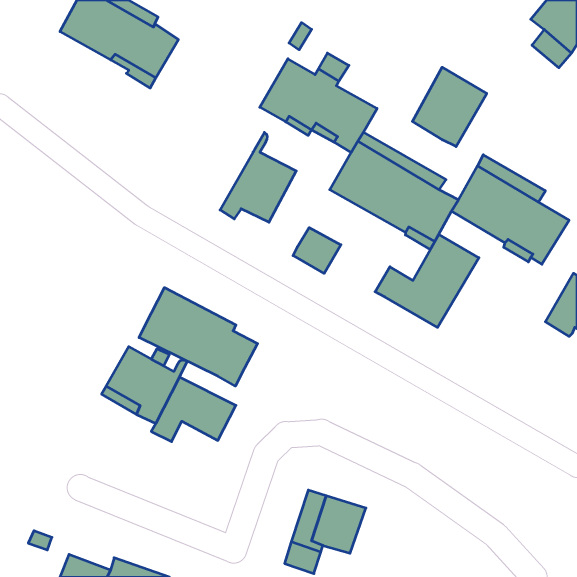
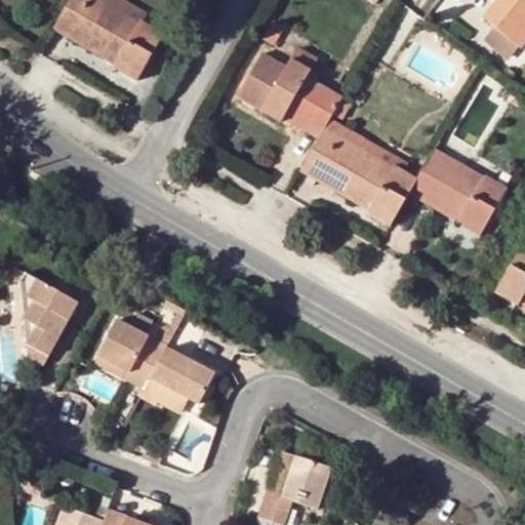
building: [412,67,487,147] -> none
building: [220,132,296,222] -> none
building: [293,228,341,273] -> none
building: [375,235,479,327] -> none
building: [139,288,258,386] -> none
building: none -> [19,275,80,367]

